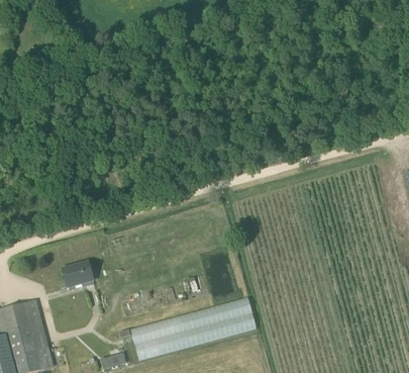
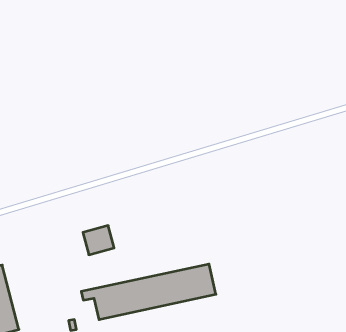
building: [61,261,93,291] -> [83,226,114,255]

